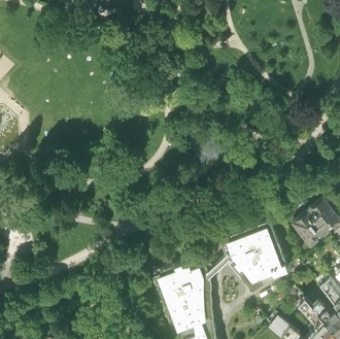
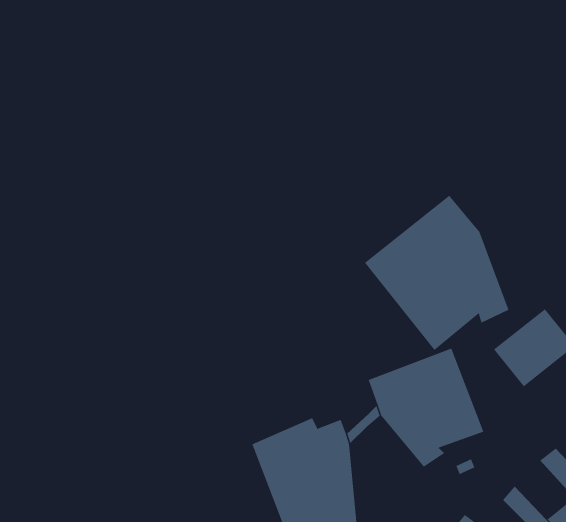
building: none -> [364,195,509,351]

